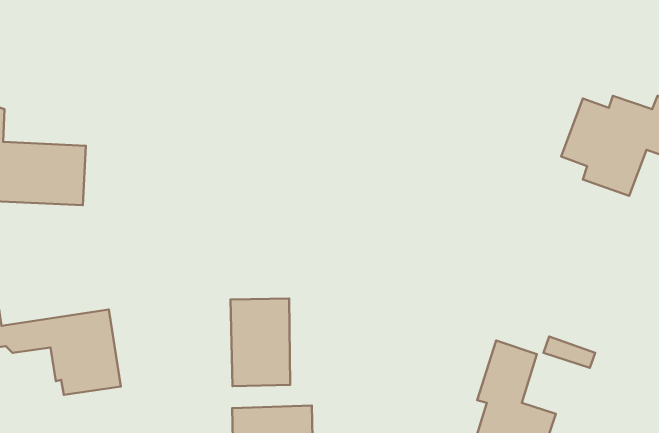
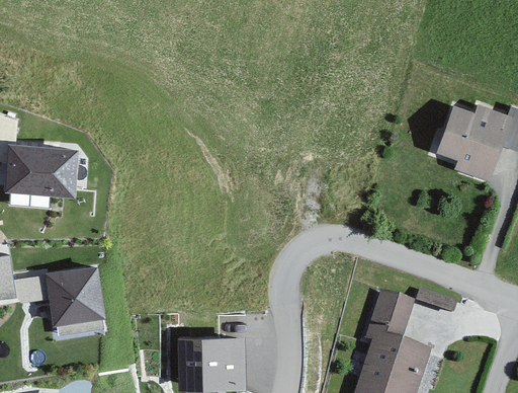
building: [230,298,290,386] -> none

